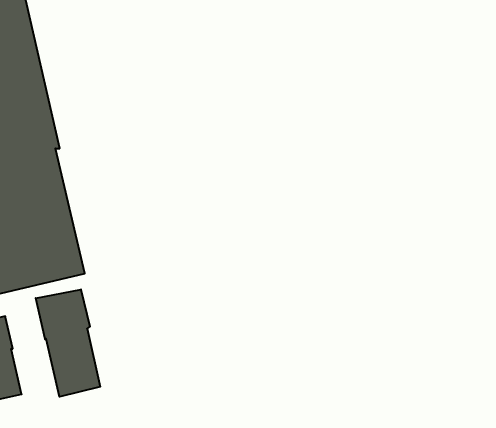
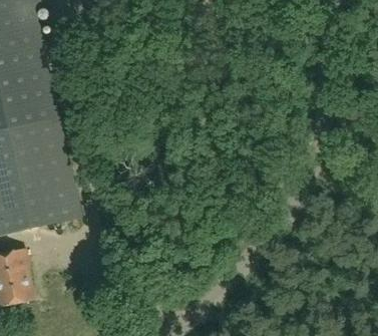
building: [36,289,100,397] -> none

